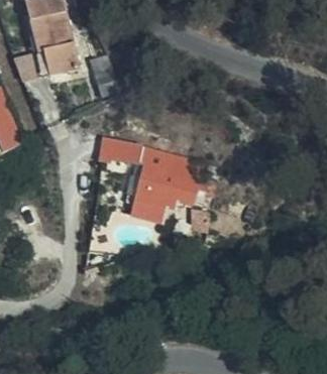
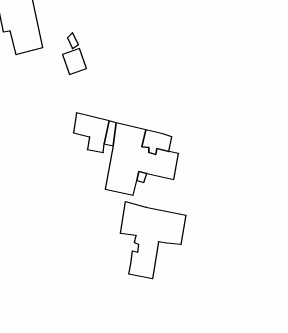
building: none -> [121,202,186,279]

